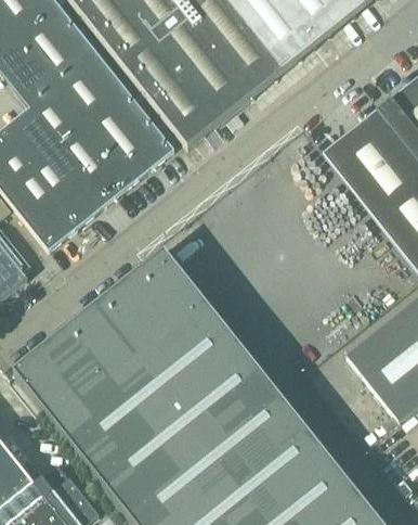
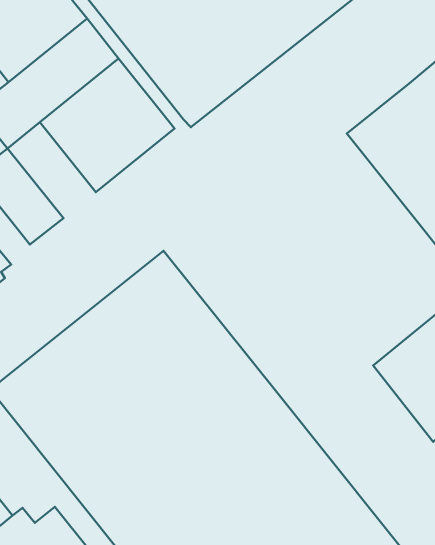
building: [29,142,106,226] -> none

